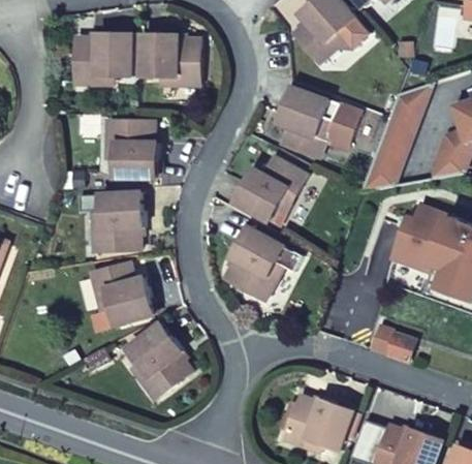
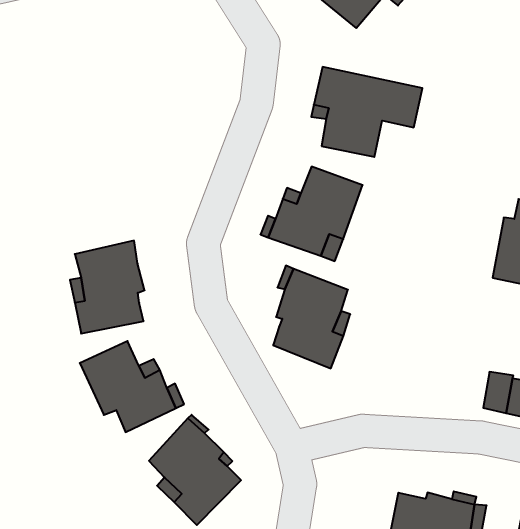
building: [73,32,132,83] -> none
building: [141,33,199,85] -> none
building: [363,81,432,190] -> none
building: [107,119,157,178] -> none

